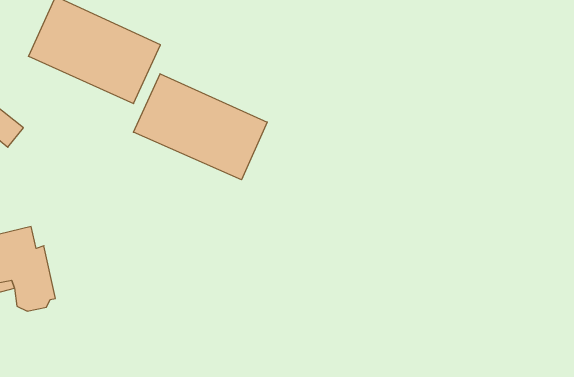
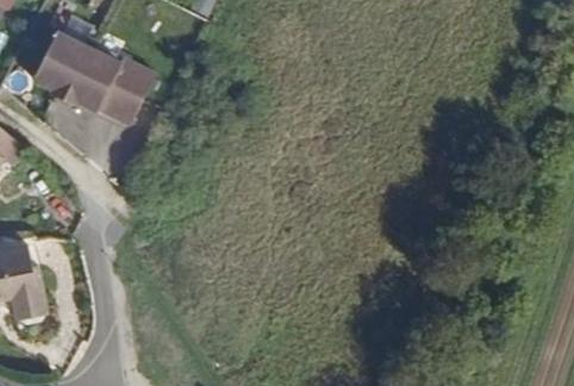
building: [133,74,267,180] -> none

